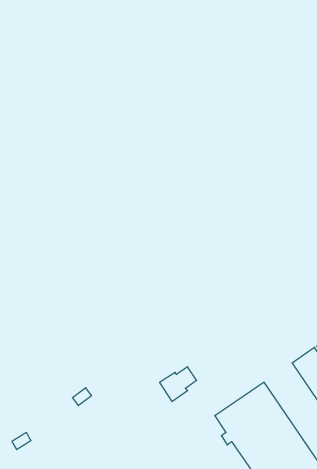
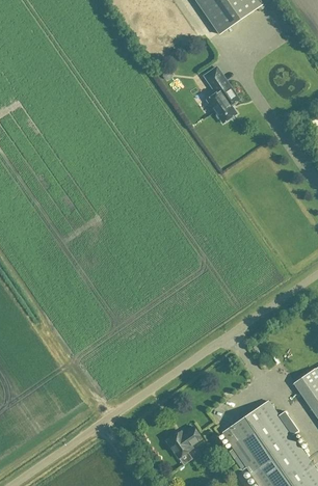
building: none -> [204,66,239,123]
building: [160,367,197,402] -> [165,426,200,458]

